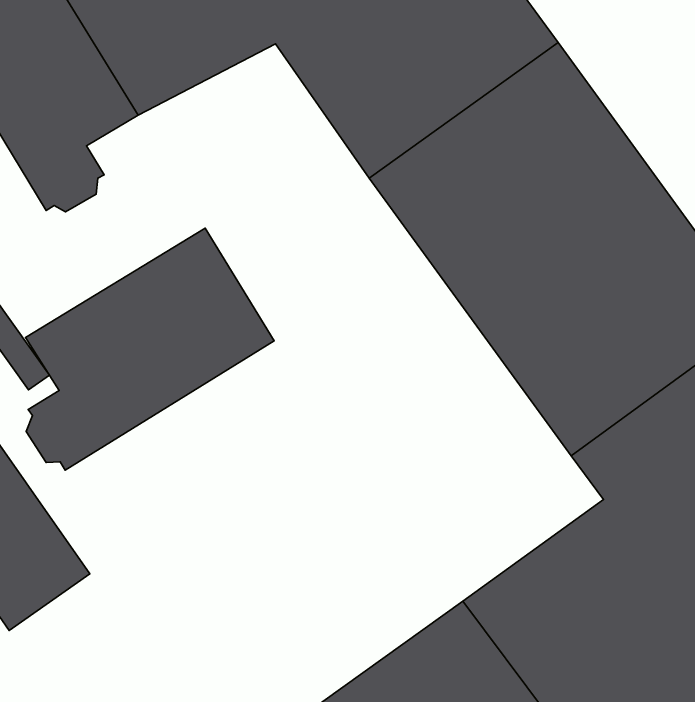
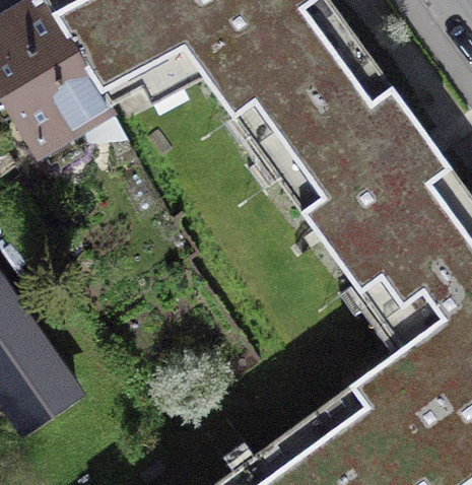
building: [26,228,274,470] -> none

